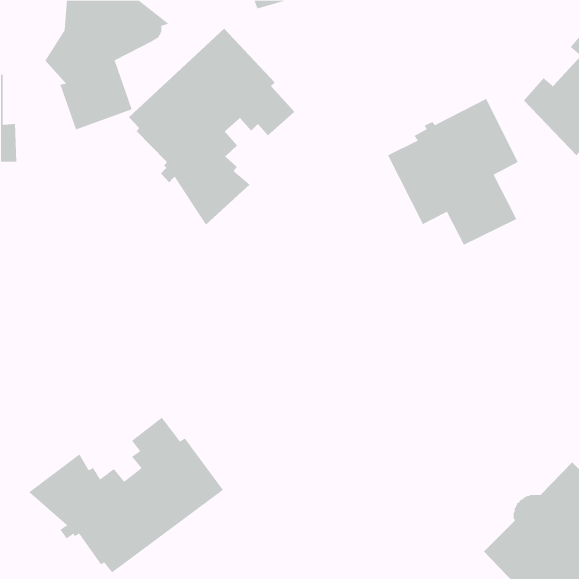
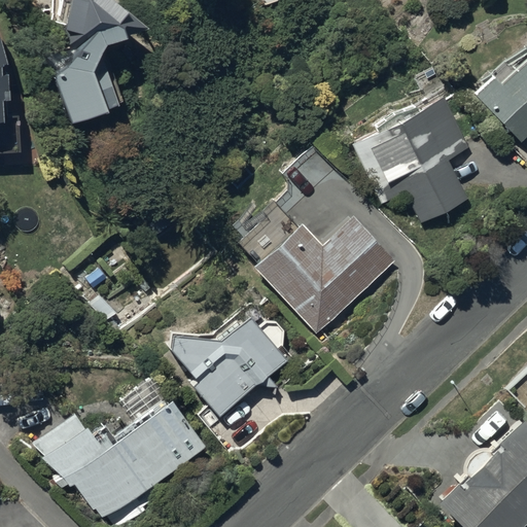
building: [128,28,295,226] -> none
building: none -> [236,205,396,336]
building: none -> [170,316,295,418]

